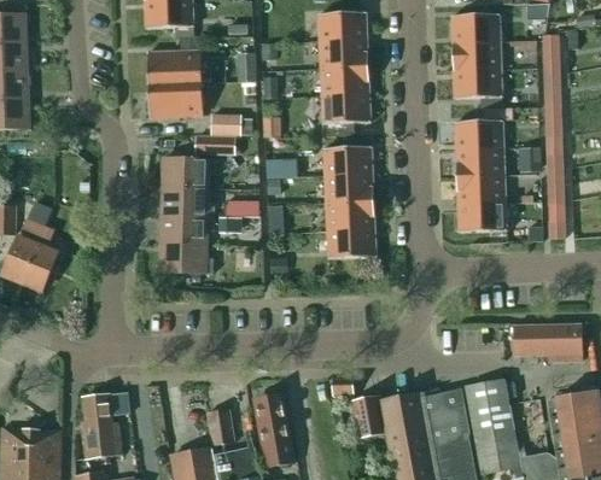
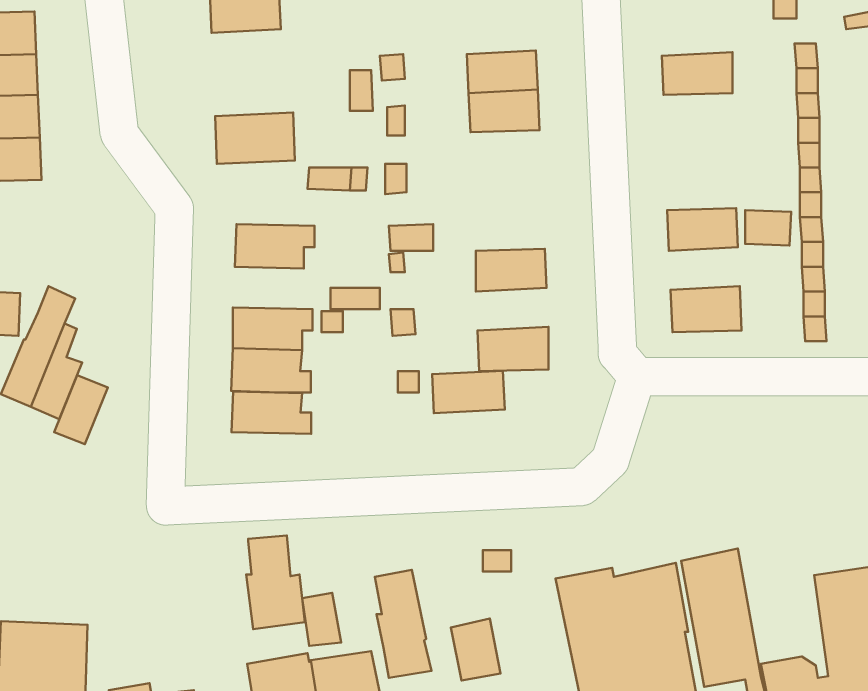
building: [319,12,367,42] -> none
building: [453,13,501,43] -> none
building: [147,49,202,84] -> none
building: [454,69,502,98] -> none
building: [322,94,370,123] -> none
building: [455,119,503,148] -> none
building: [196,135,235,154] -> none
building: [325,146,373,176] -> none
building: [457,174,506,203] -> none
building: [161,187,215,216] -> [231,391,311,434]
building: [326,201,375,230] -> [432,371,505,413]
building: none -> [54,375,108,444]
building: [513,321,583,359] -> none
building: [82,394,122,458] -> [246,535,305,629]
building: [352,396,386,438] -> [451,619,500,681]

